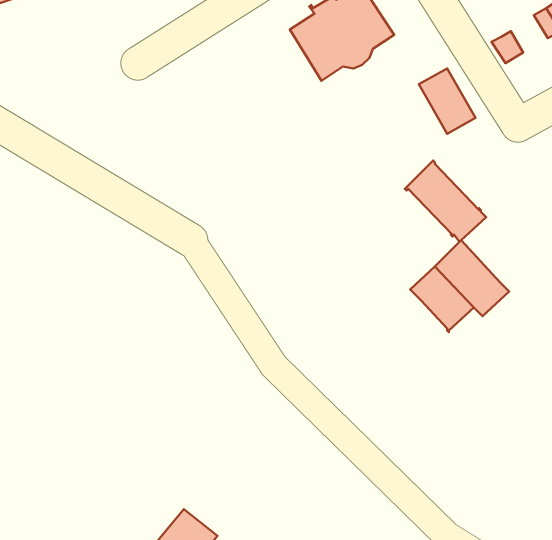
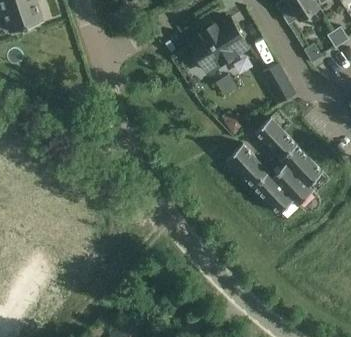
building: none -> [227,143,272,189]
building: none -> [286,148,322,185]

